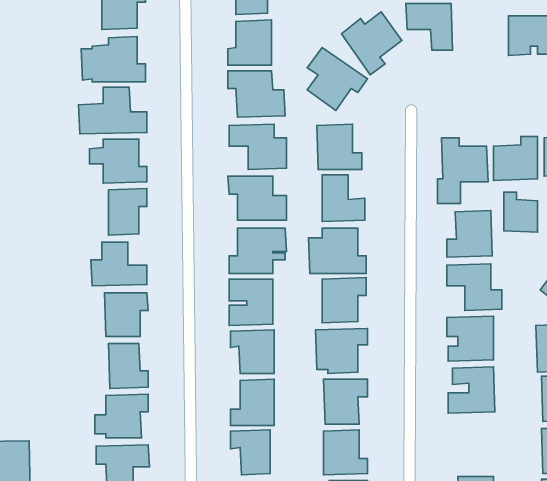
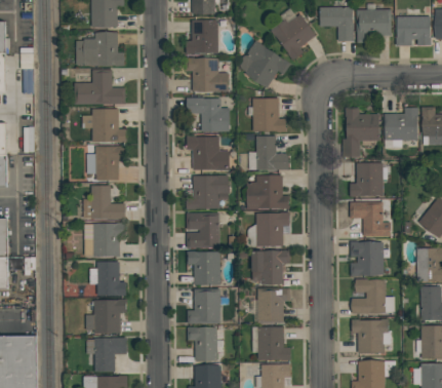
building: none -> [357,9,392,42]
building: [504,192,538,232] -> none
building: none -> [351,319,388,353]

